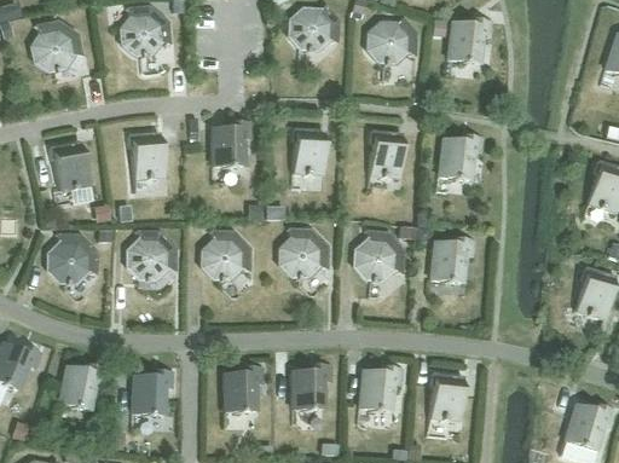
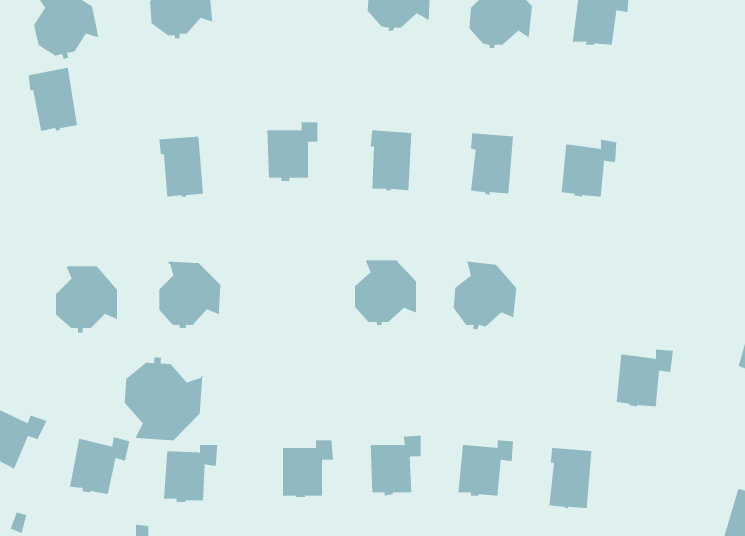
building: [50,141,88,191] -> [28,67,78,132]
building: [202,230,250,282] -> none
building: [430,238,475,283] -> [616,349,674,407]
building: none -> [124,357,203,441]

